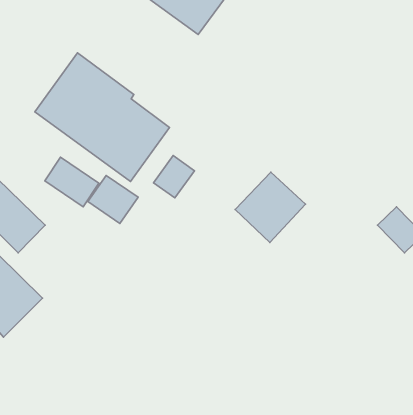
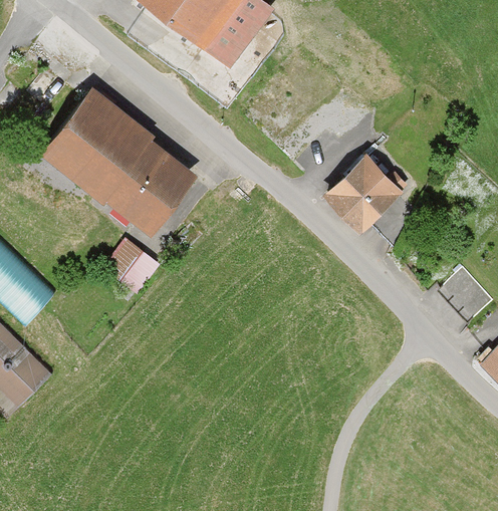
building: [154,156,194,198] -> none
building: [45,157,99,207] -> none
building: [235,172,306,243] -> [323,155,405,236]

